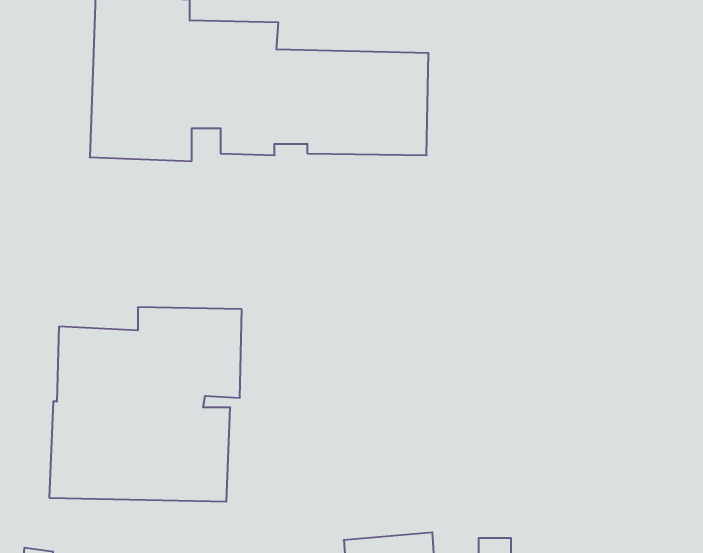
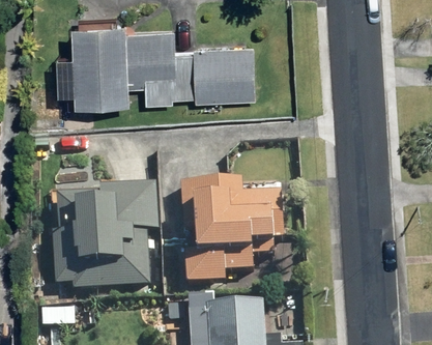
building: none -> [178,182,283,285]

